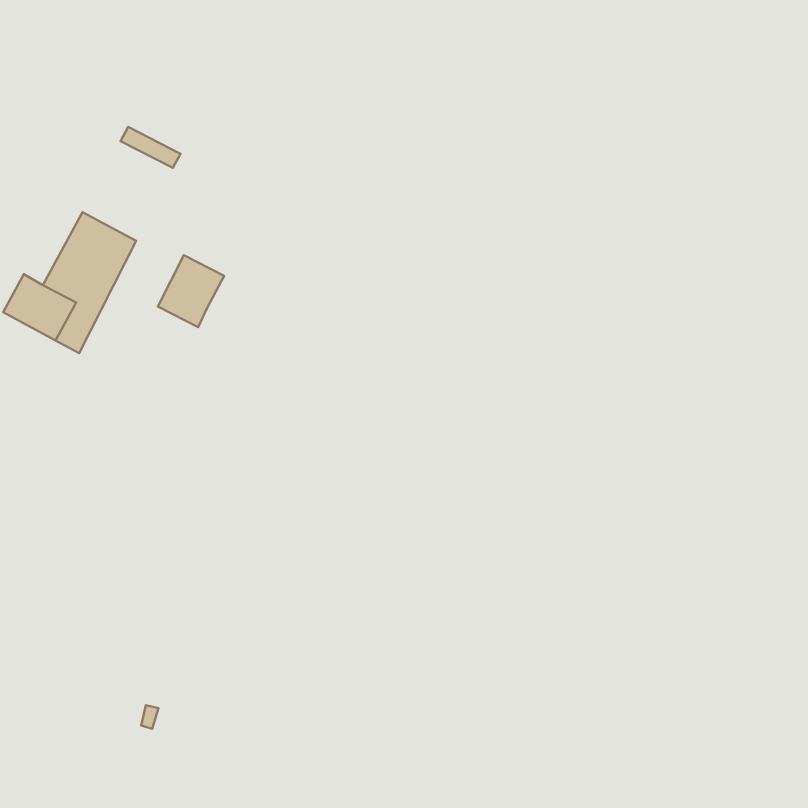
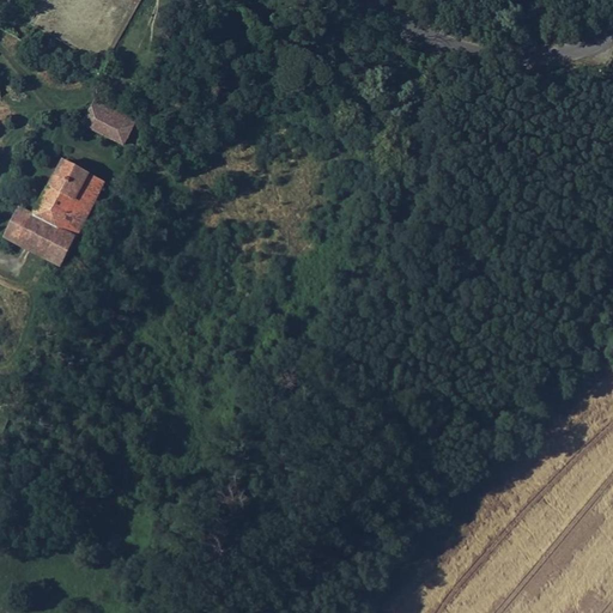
building: none -> [83,107,131,144]
building: [158,255,224,327] -> none

